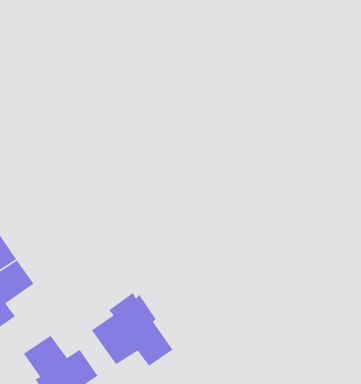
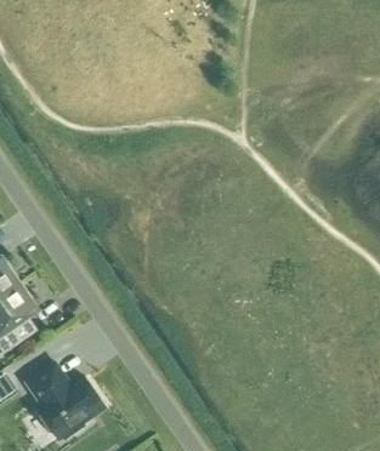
building: [91,292,174,367] -> none

